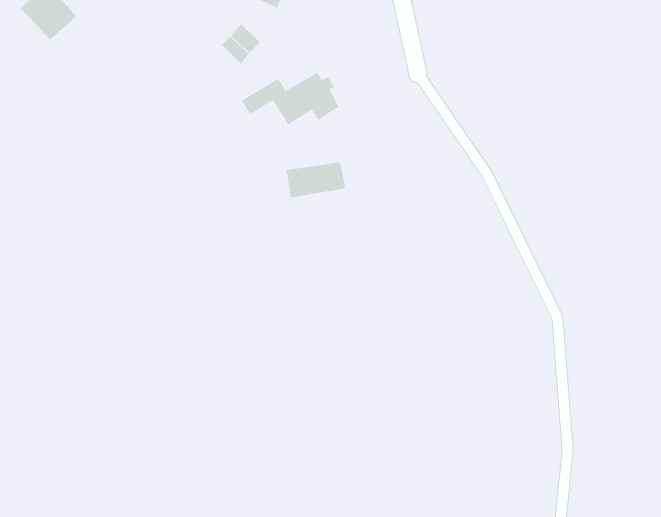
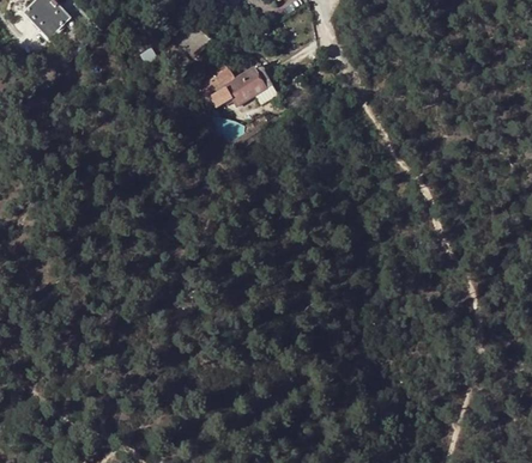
building: [286,161,346,198] -> none

